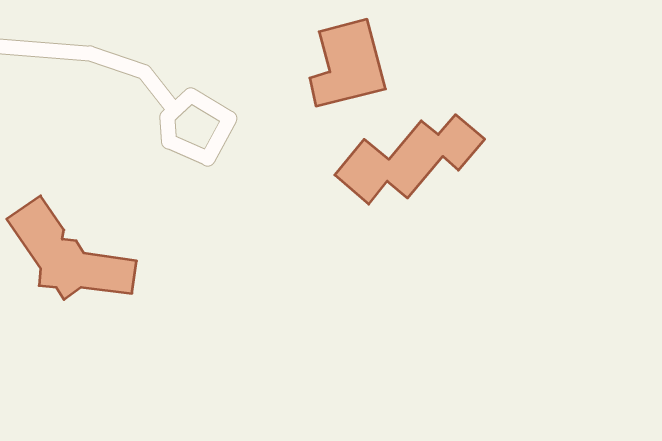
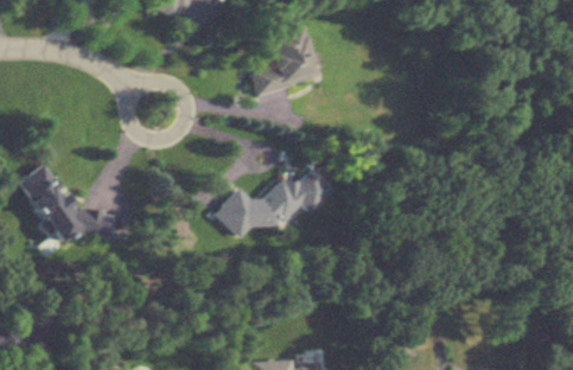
building: [335,115,485,204] -> [215,170,330,238]

